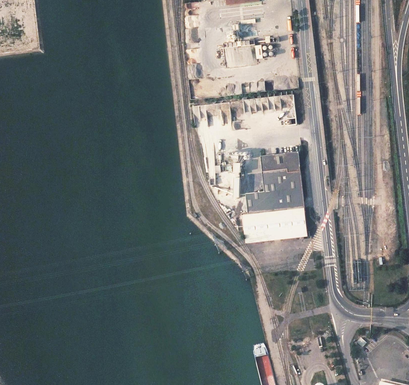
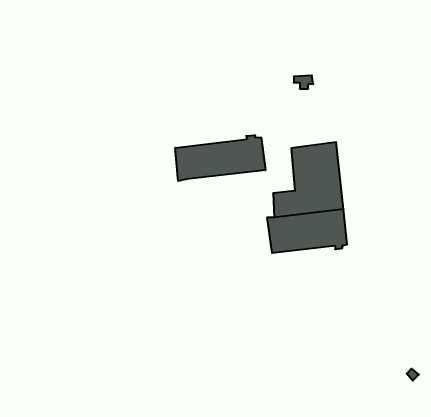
building: none -> [175,135,265,181]

